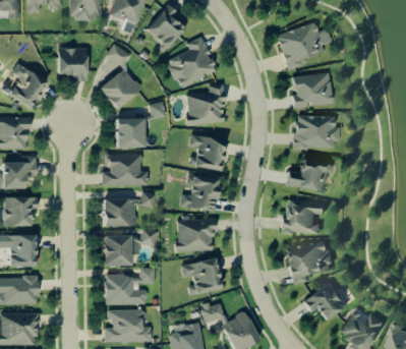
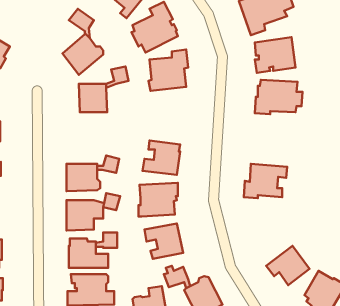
building: [58,48,86,80] -> none
building: [189,134,226,170] -> none
building: [103,153,149,185] -> none
building: [287,159,334,191] -> none
building: [287,239,334,283] -> none

